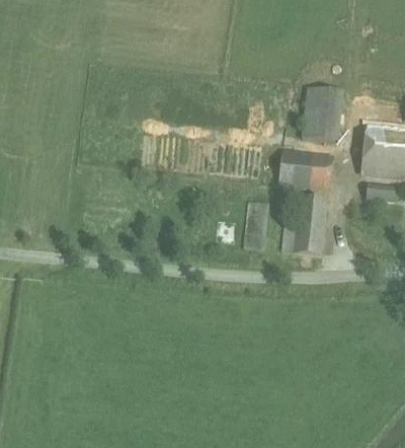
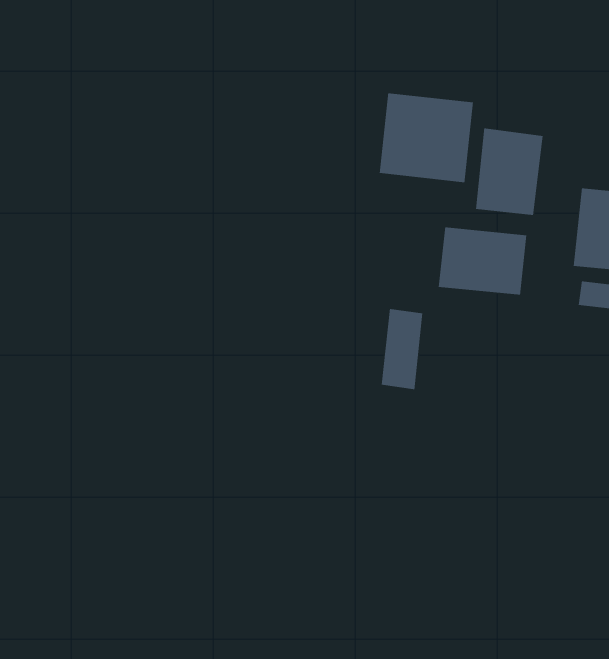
building: none -> [379,92,473,183]
building: [280,195,327,255] -> none

